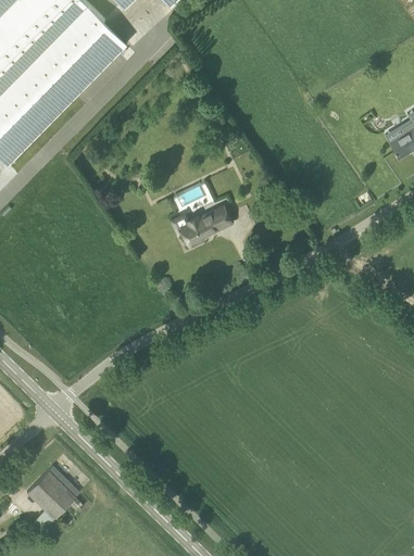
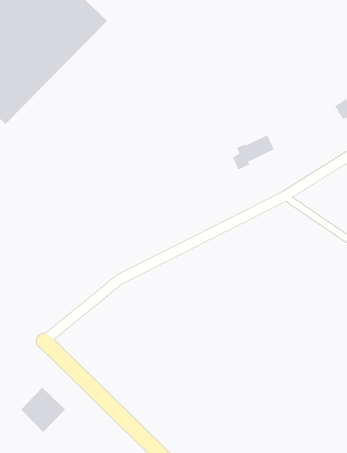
building: [184,205,233,247] -> [232,135,274,170]

